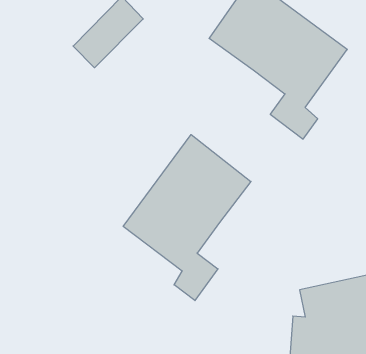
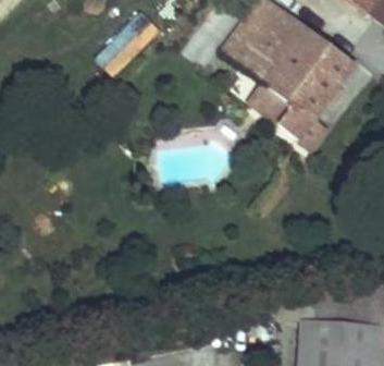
building: none -> [249,84,296,126]
building: [123,135,251,301] -> none

